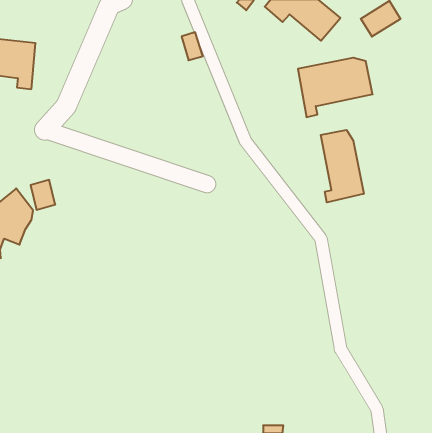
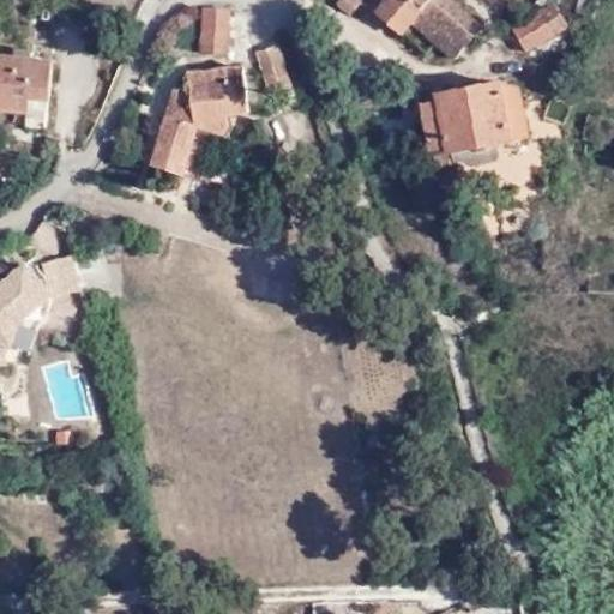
building: none -> [199,7,228,53]
building: none -> [150,65,247,174]
building: [321,130,364,202] -> none

